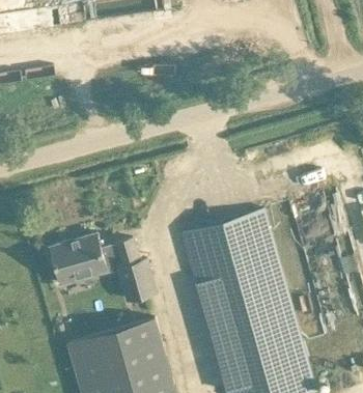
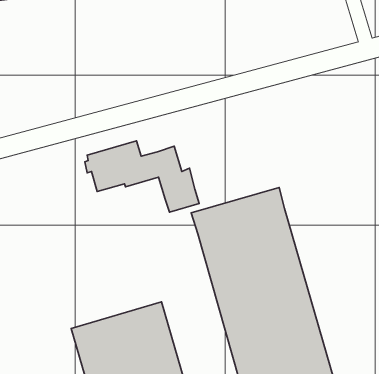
building: [48,234,156,302] -> [85,141,199,212]

